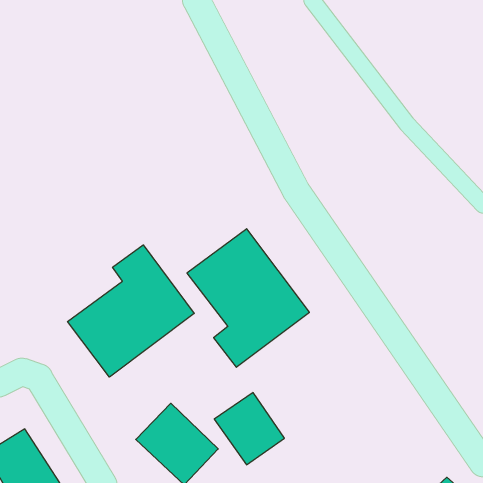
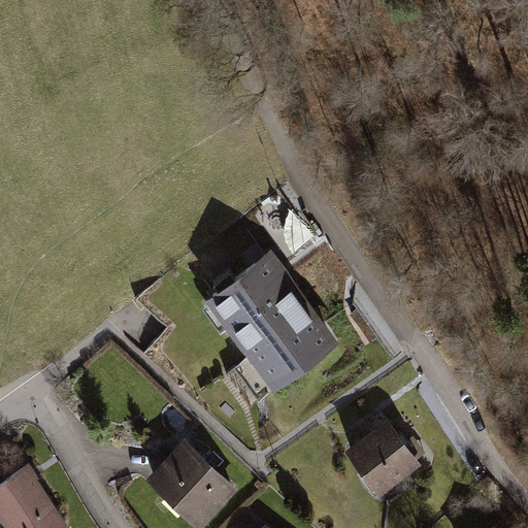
building: [68,245,194,377] -> none
building: [214,393,284,465] -> [346,422,423,500]

